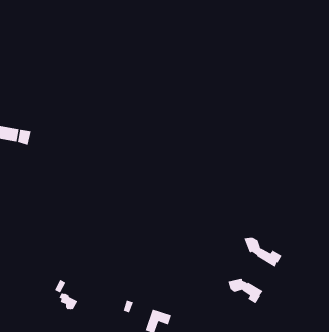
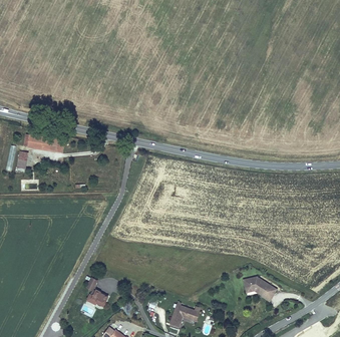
building: [244,237,282,268] -> none

